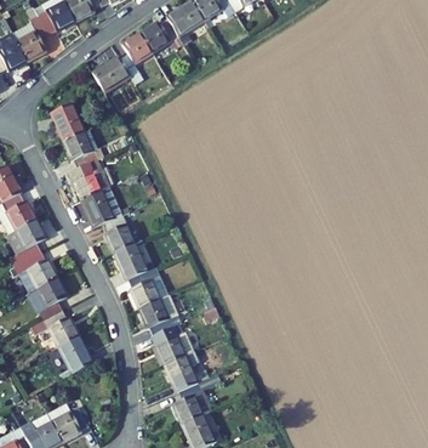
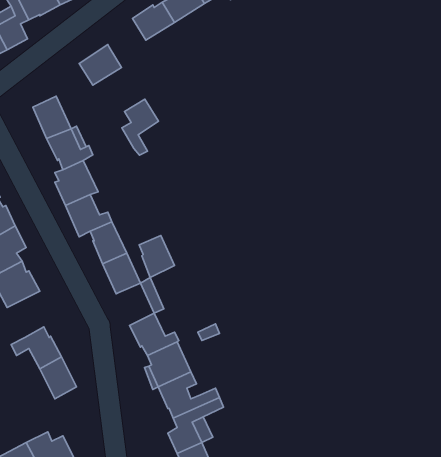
building: [120,33,153,83] -> [122,99,158,155]
building: [129,268,160,306] -> [139,235,175,278]
building: [29,276,68,317] -> none

